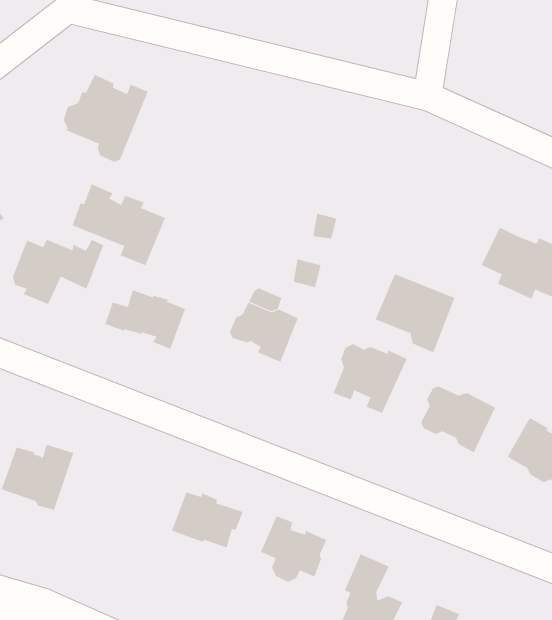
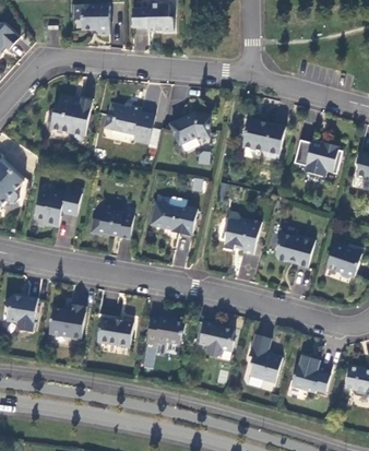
building: none -> [169,114,210,144]
building: [72,183,166,266] -> [103,103,154,143]
building: [375,274,455,353] -> [241,119,284,159]
building: none -> [96,317,132,345]

